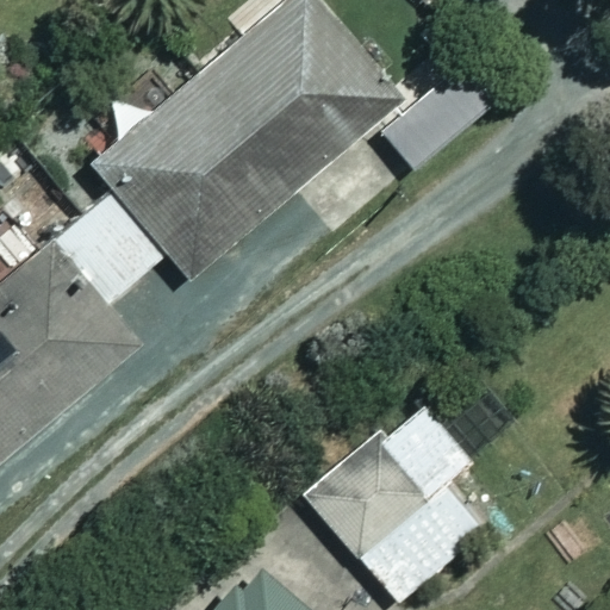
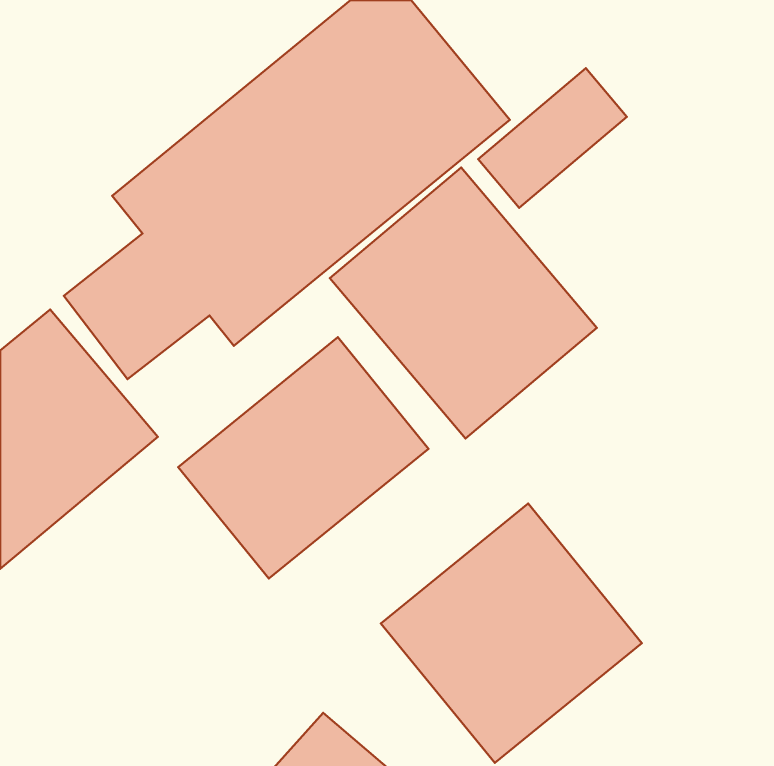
building: none -> [330,168,597,439]
building: none -> [178,337,429,579]

